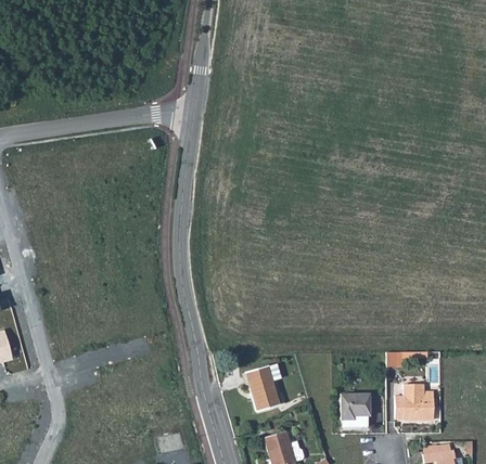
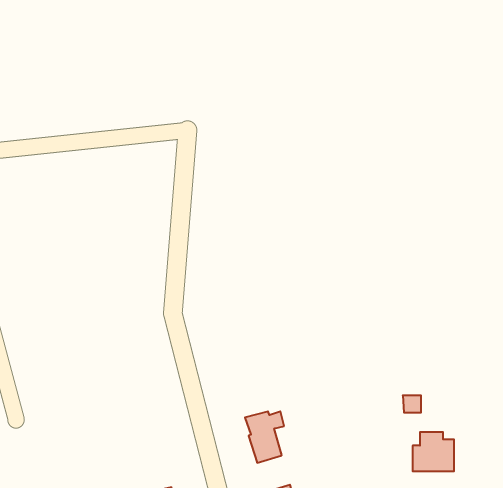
building: [341,394,369,426] -> none

